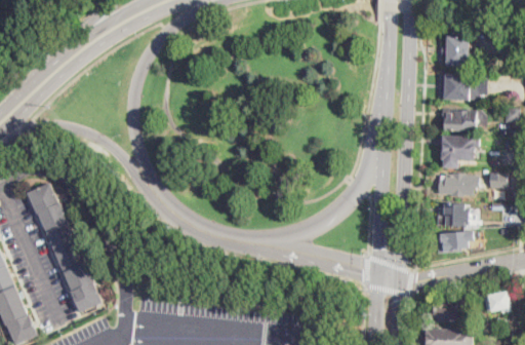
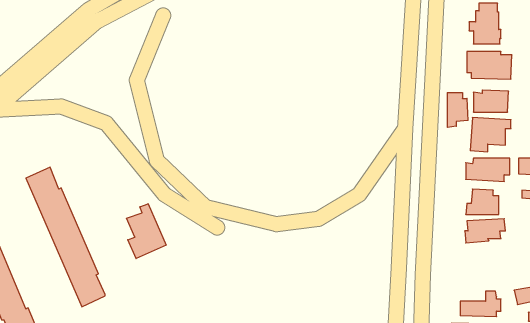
building: none -> [447,93,468,127]
building: none -> [127,204,166,259]

